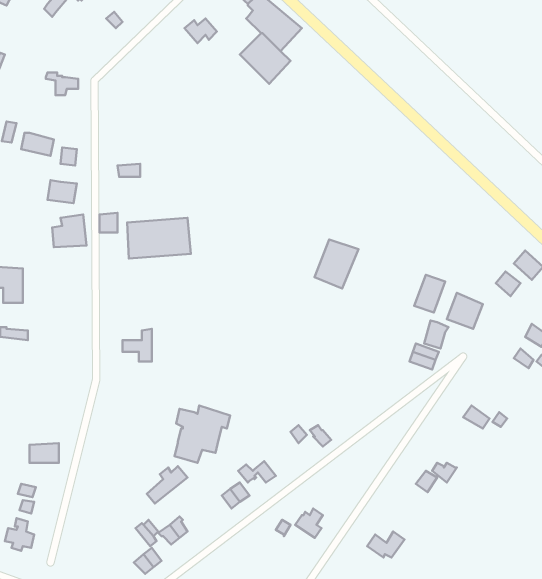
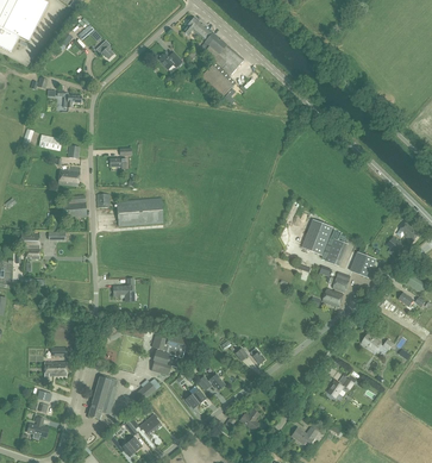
building: [314,240,359,289] -> [302,219,334,255]
building: none -> [88,374,118,418]

